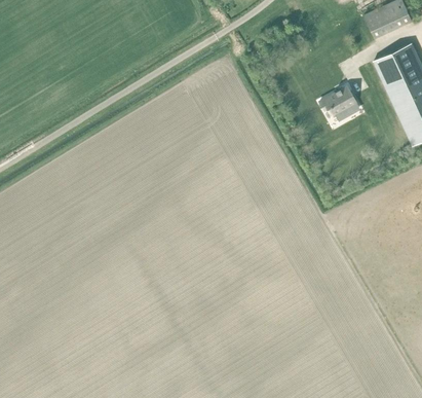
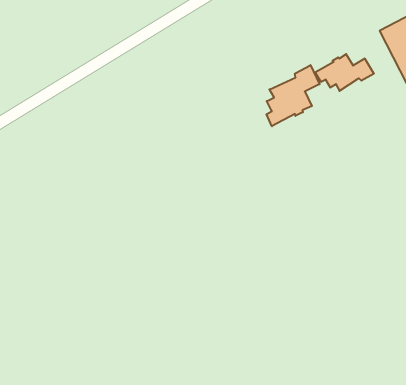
building: none -> [266,65,320,126]

